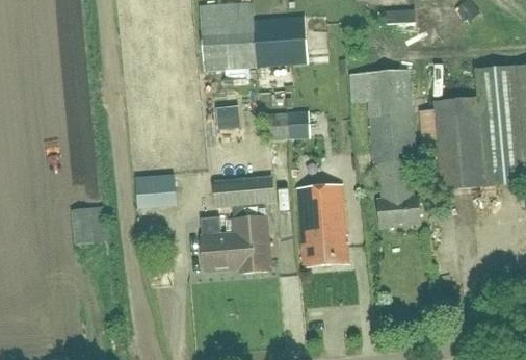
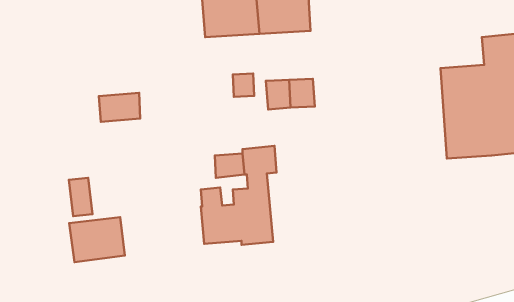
building: [350,67,420,226] -> none
building: [136,178,177,206] -> [99,93,140,122]
building: [297,183,349,266] -> none
building: none -> [69,217,125,262]

